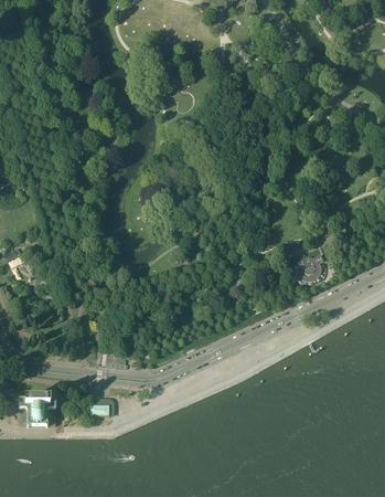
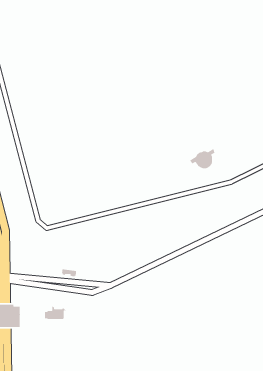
building: [288,254,321,281] -> [189,148,216,169]

